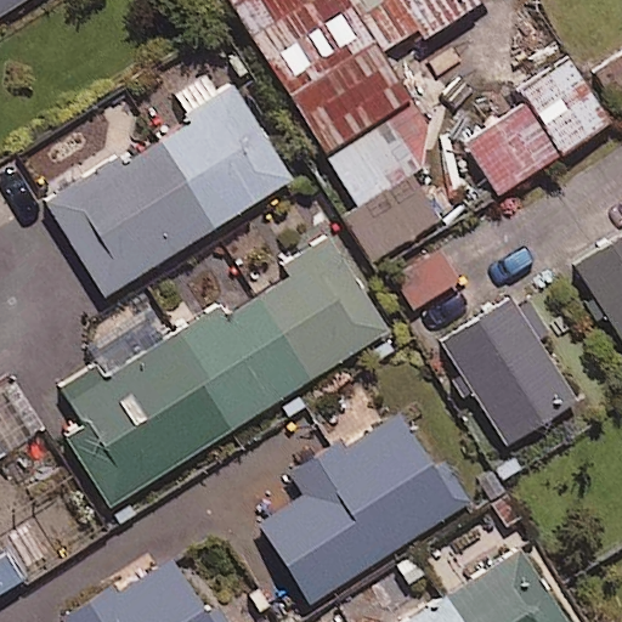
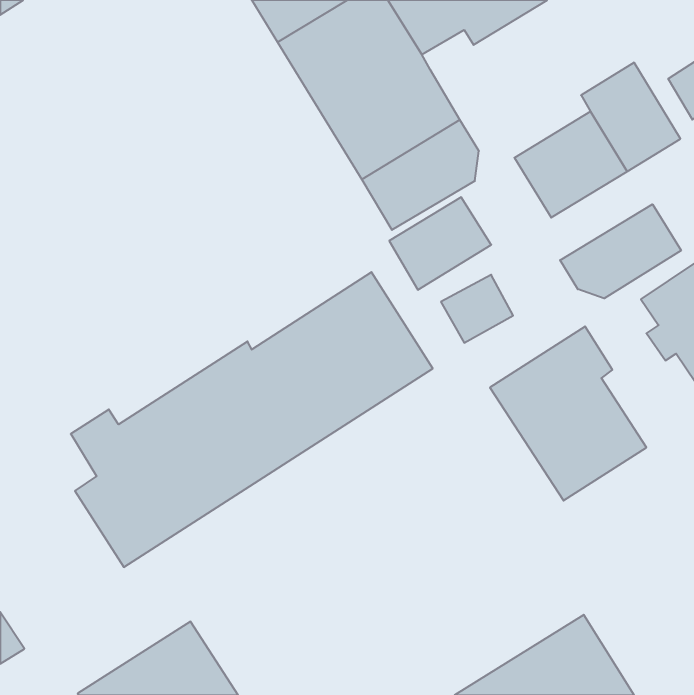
building: [49,72,292,295] -> none
building: none -> [560,204,681,298]
building: [260,412,473,603] -> none

